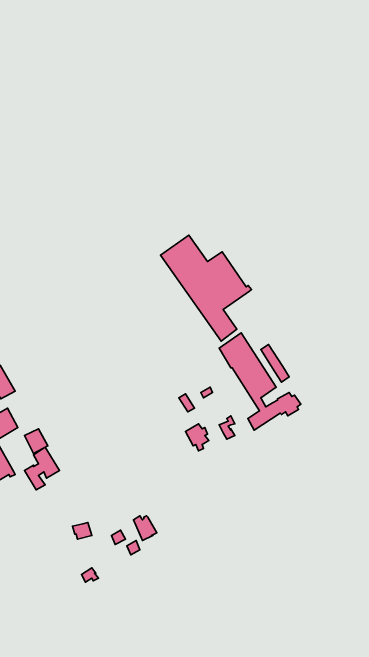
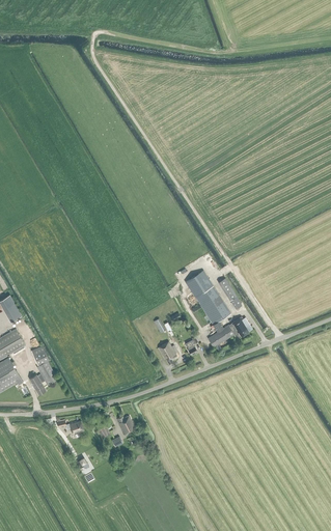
building: [161,235,251,341] -> none

